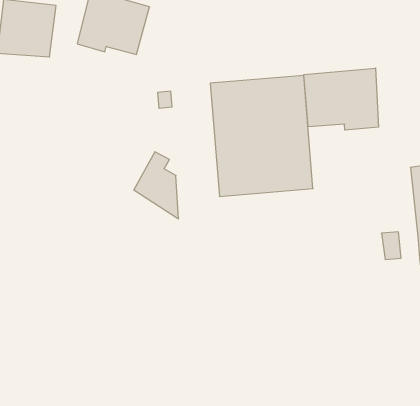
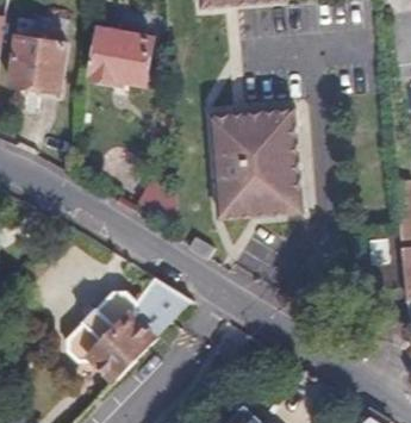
building: [304,68,378,130] -> none
building: none -> [58,278,189,378]

